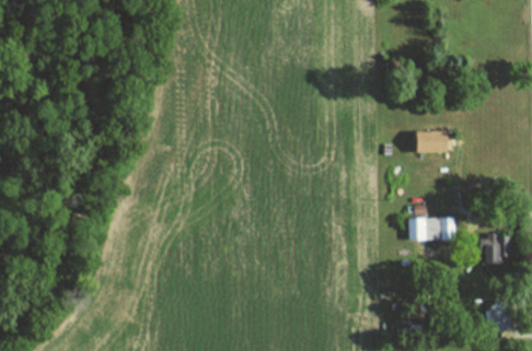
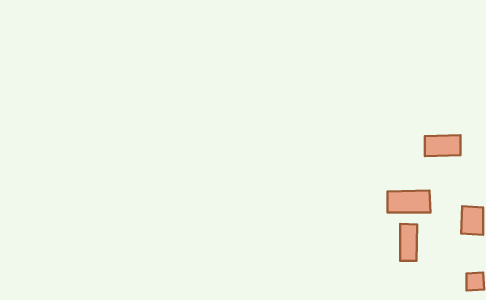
building: [415,130,452,152] -> [425,135,461,156]
building: none -> [400,224,417,261]

